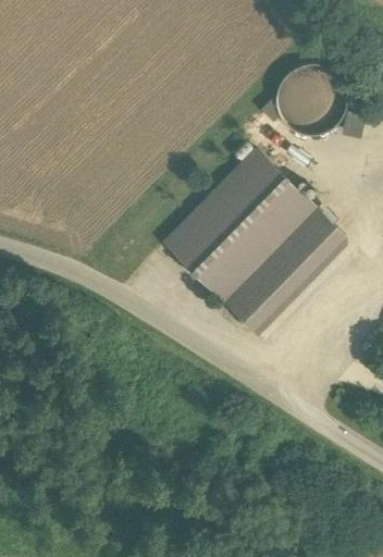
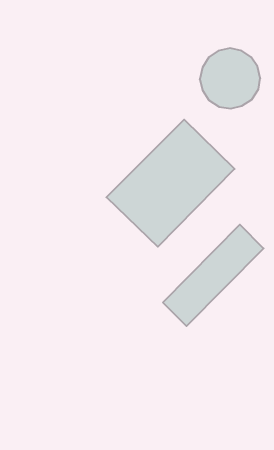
building: [226,208,346,329] -> [163,225,264,326]

